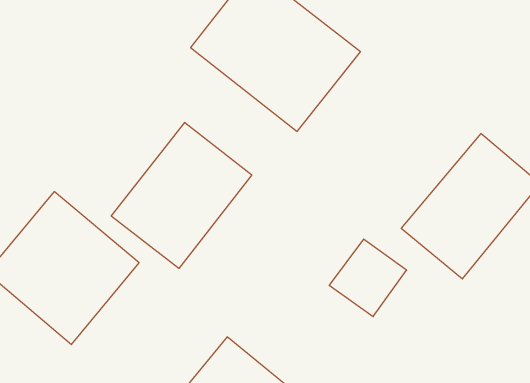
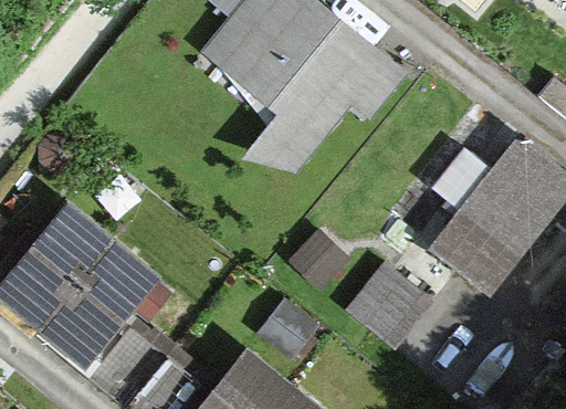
building: [111,122,252,268] -> none

